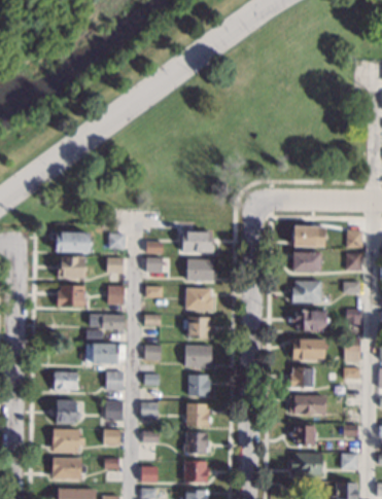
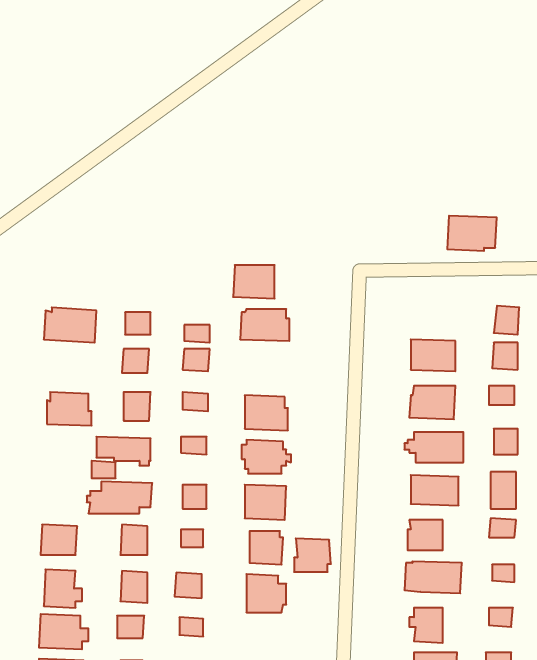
building: [292,226,324,249] -> [447,216,497,251]
building: [58,256,84,279] -> none
building: [186,260,213,282] -> [233,265,275,299]
building: [184,432,208,454] -> [294,538,331,572]

